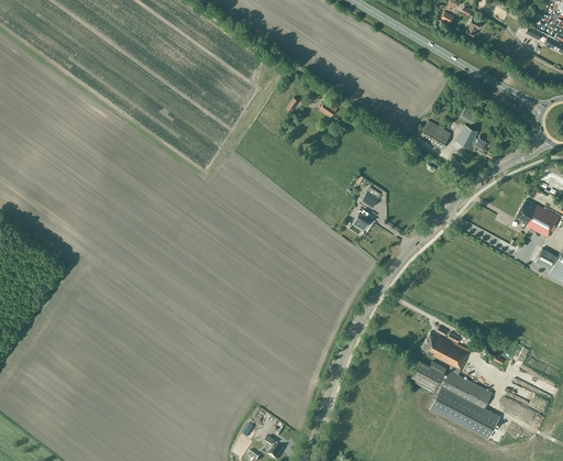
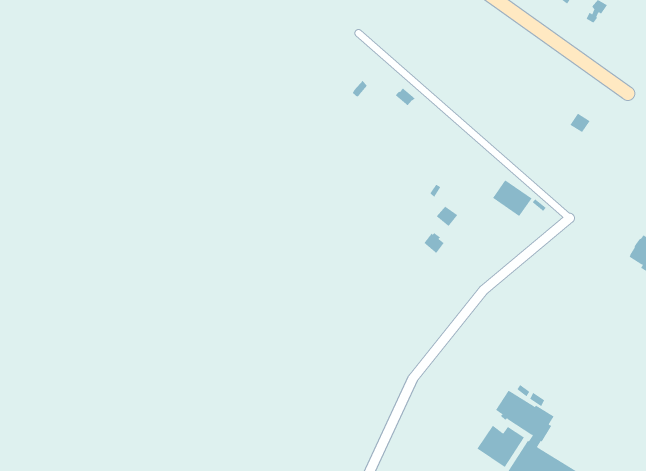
building: [420,121,452,150] -> [492,179,532,217]
building: [456,124,489,151] -> none

